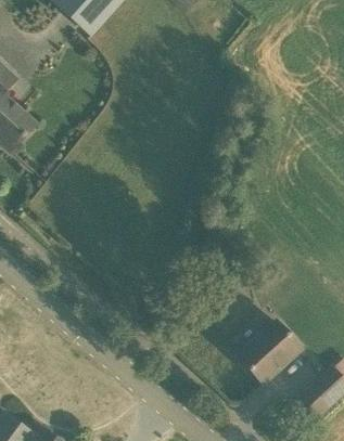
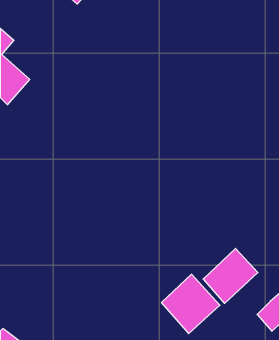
building: none -> [161,274,220,334]

